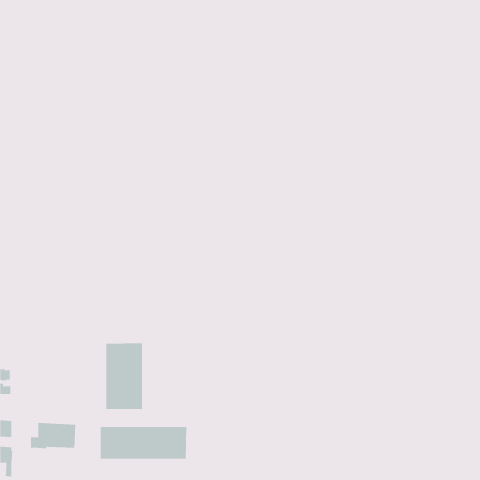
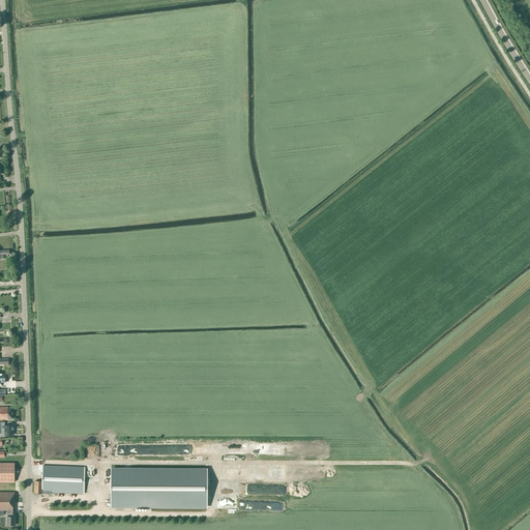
building: [106,343,142,410] -> none

